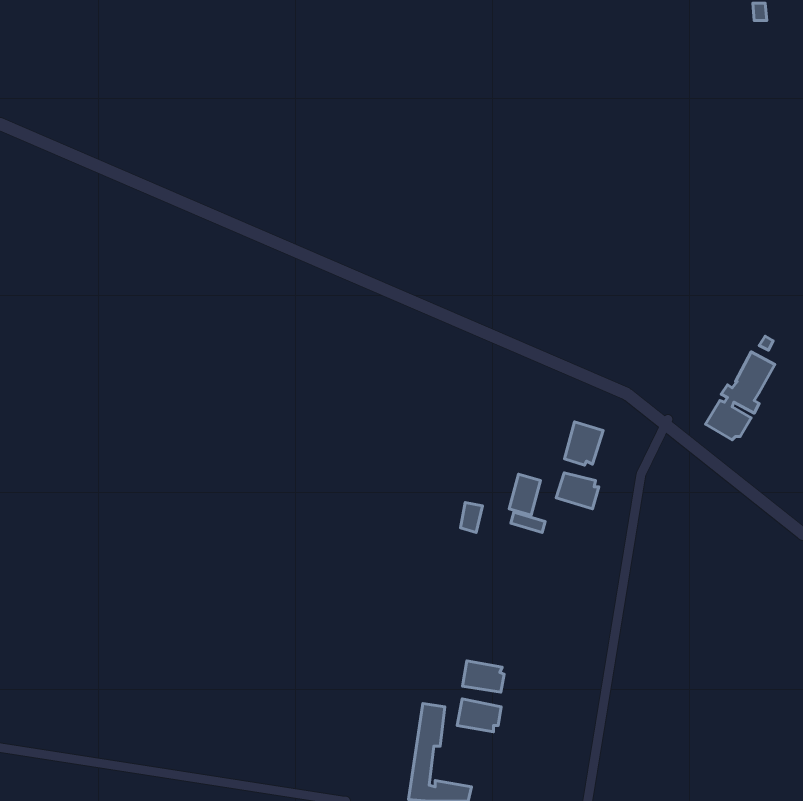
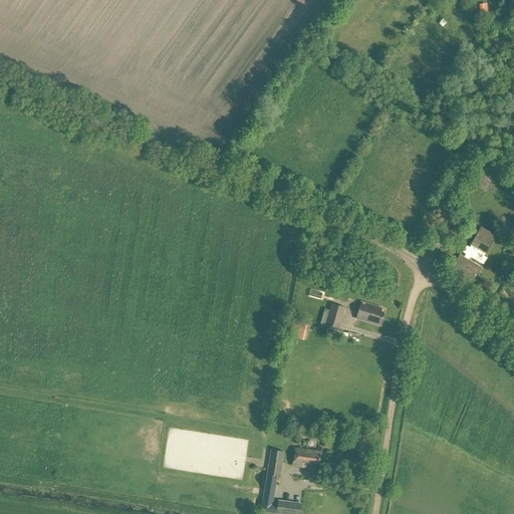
building: [564,422,603,465] -> none
building: [462,661,504,692] -> none

